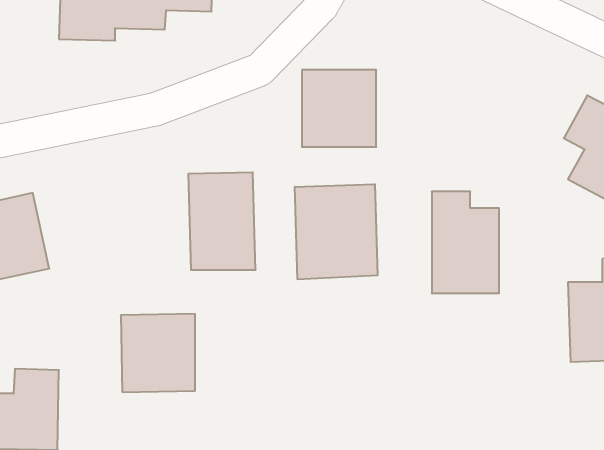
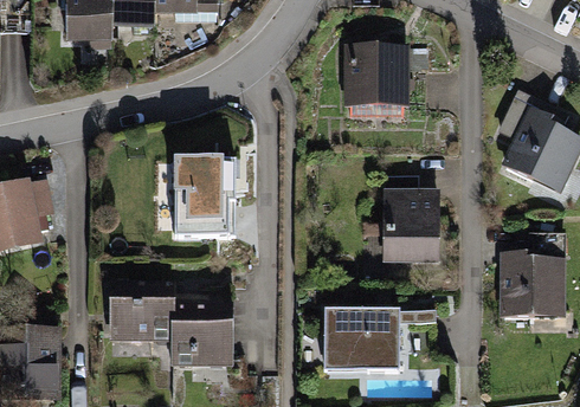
building: [302,70,376,147] -> [346,41,410,108]
building: [295,184,377,279] -> none
building: none -> [179,297,241,358]
building: none -> [337,306,407,367]

